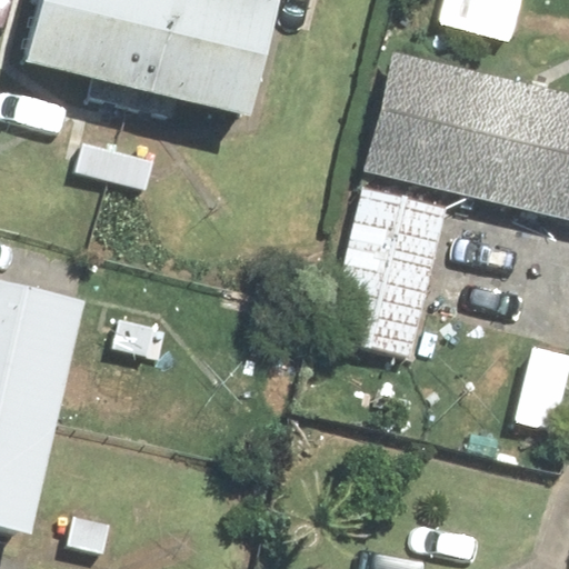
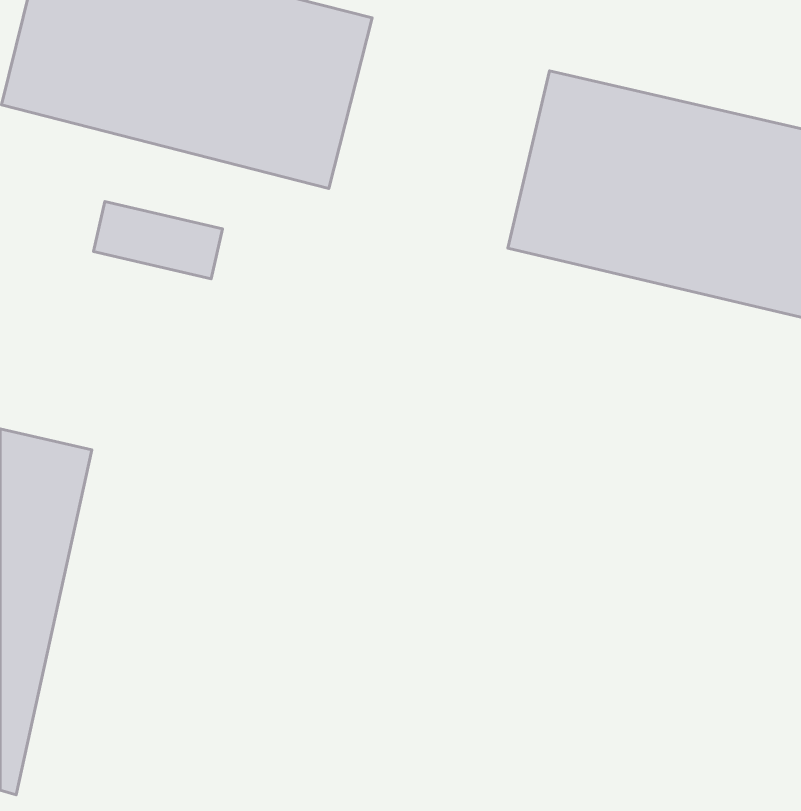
building: [326,182,450,363] -> none

